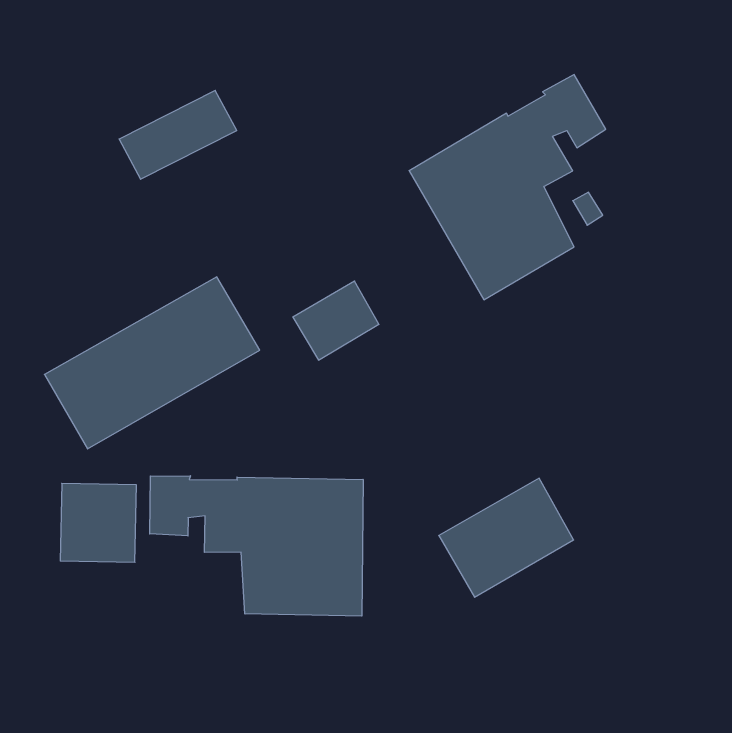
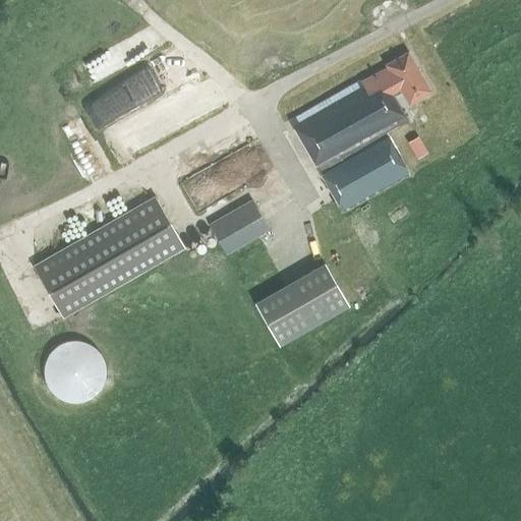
building: [150,476,363,616] -> none
building: [439,478,574,597] -> [253,263,349,347]

